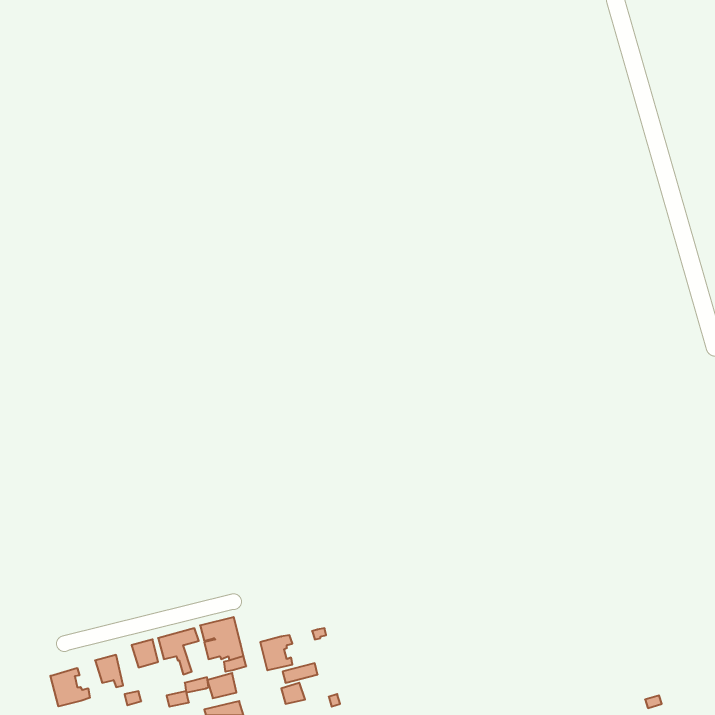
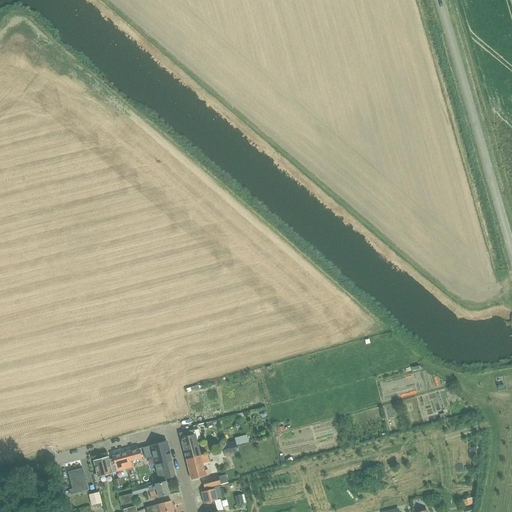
building: none -> [179,430,201,459]
building: [50,668,90,706] -> none

